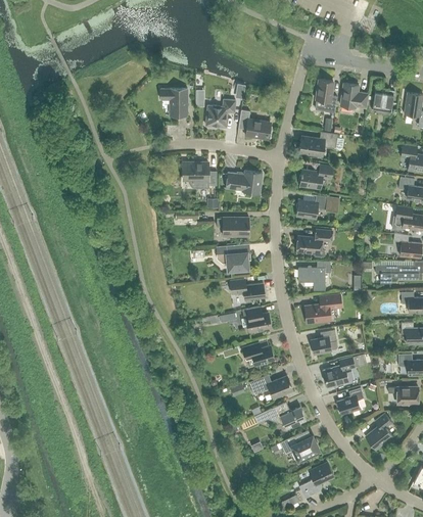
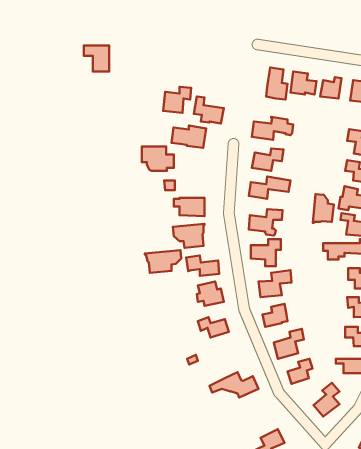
building: [160,88,187,115] -> [84,45,109,71]
building: [226,170,263,193] -> [171,126,206,148]
building: none -> [313,194,334,223]
building: none -> [145,250,181,273]
building: [249,374,292,397] -> none
building: [279,431,319,460] -> none

